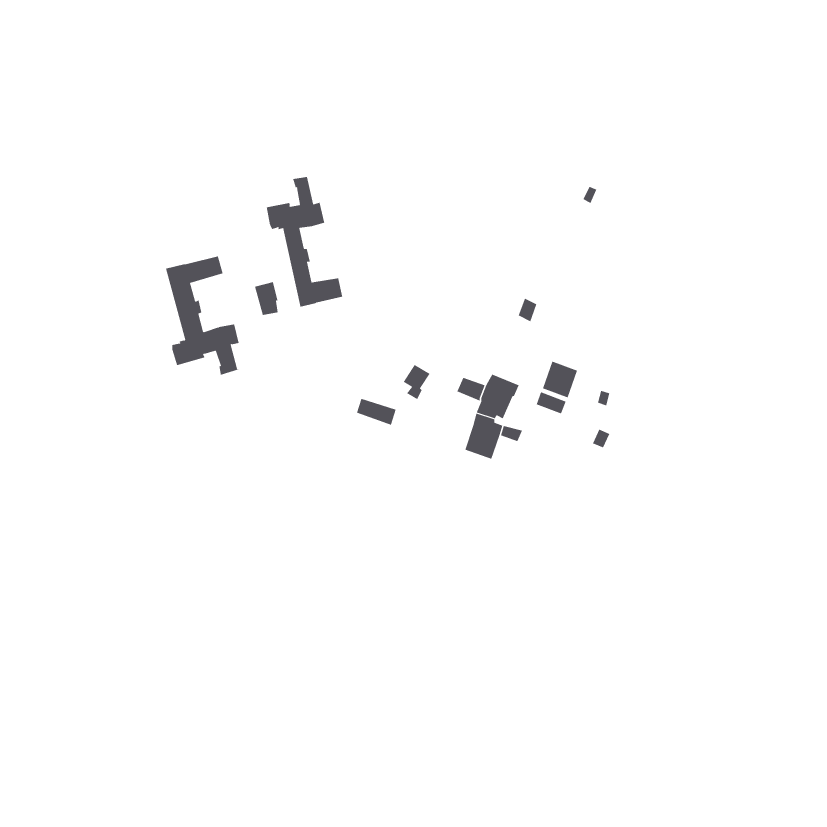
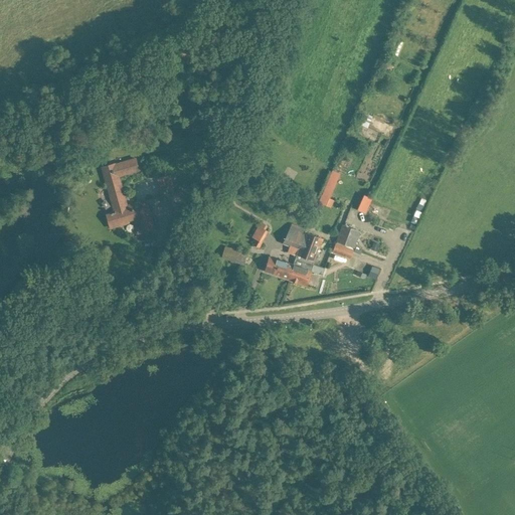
building: [266,175,343,308] -> none
building: none -> [265,256,294,280]

